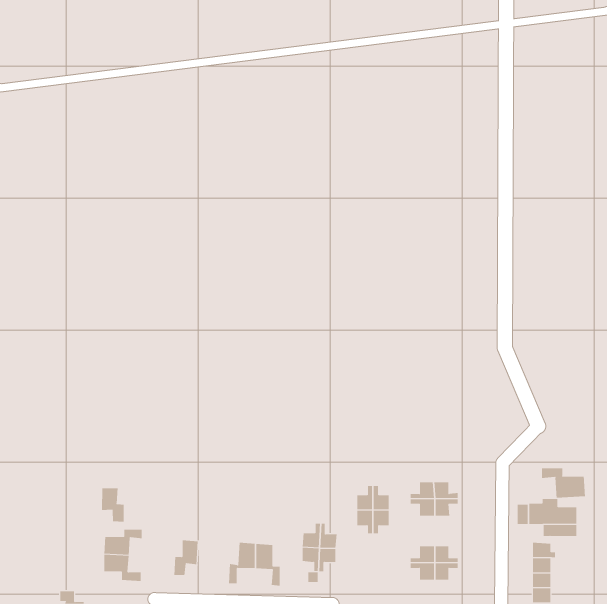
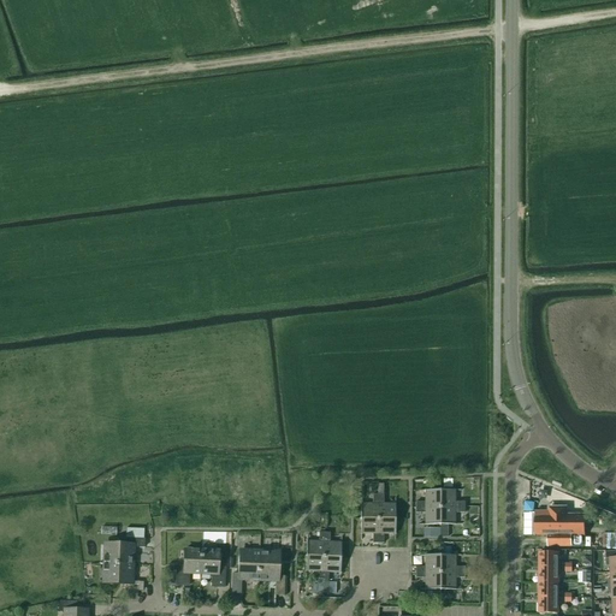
building: [542,468,585,498] -> none
building: [101,487,124,523] -> none
building: none -> [200,549,225,586]

